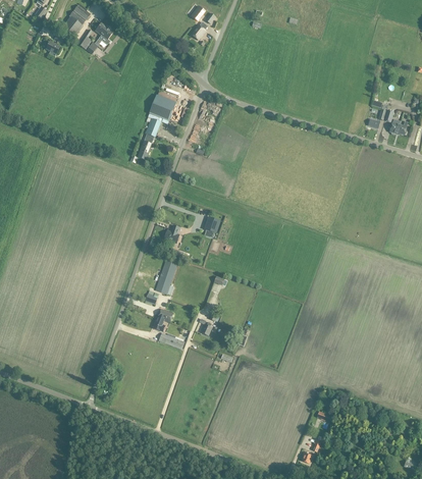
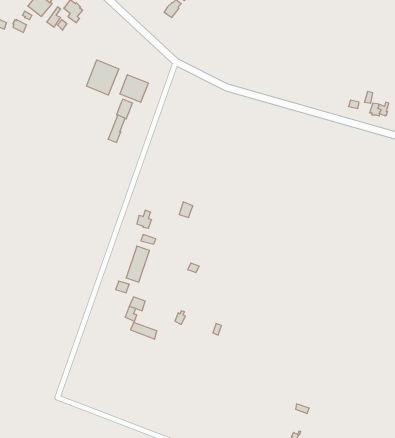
building: none -> [86,60,119,95]

